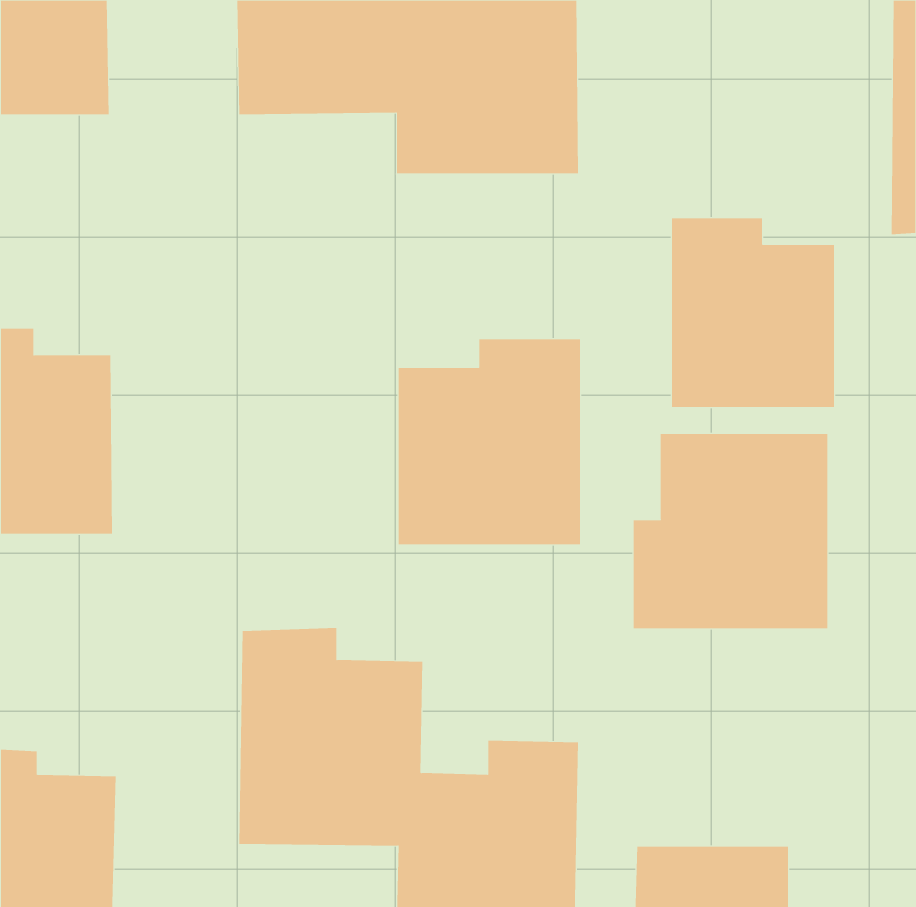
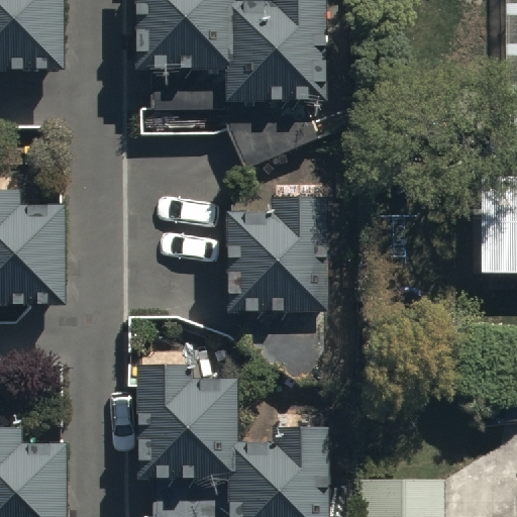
building: [672,218,834,408] -> none
building: [633,433,828,629] -> none

